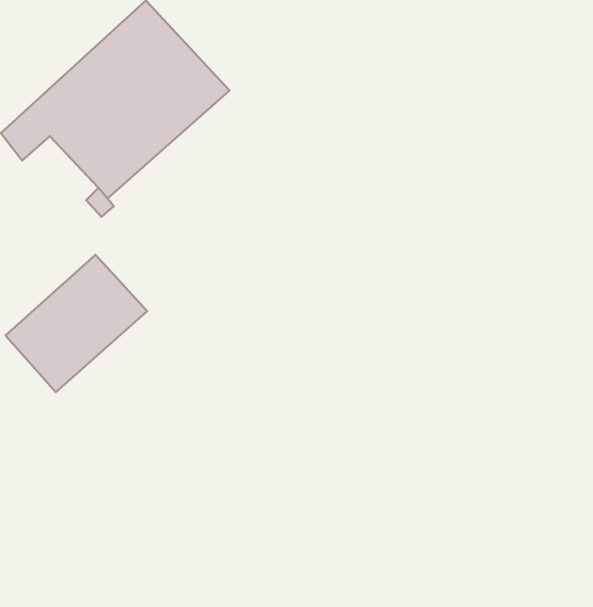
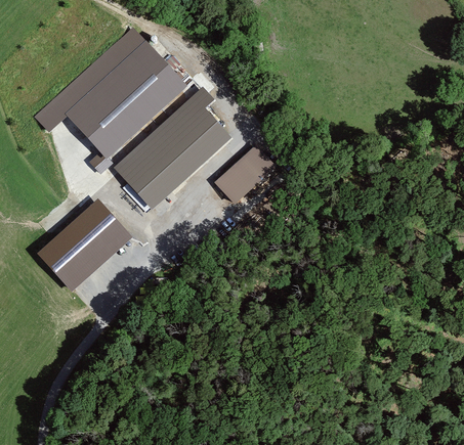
building: none -> [114,87,234,210]
building: none -> [214,145,277,206]

